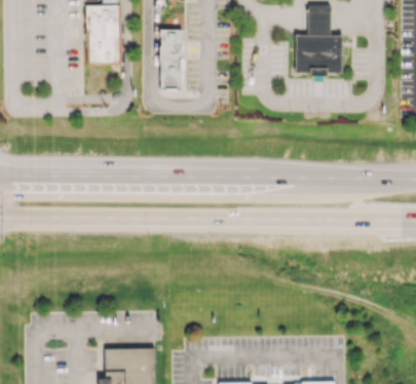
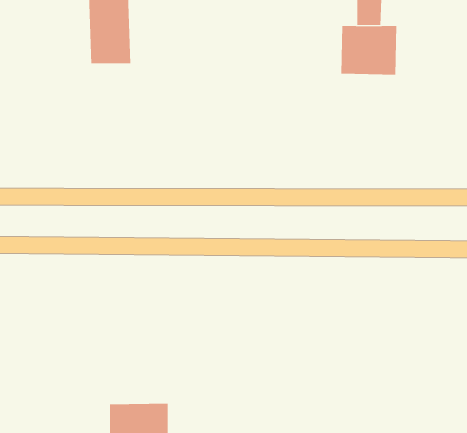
building: [160,29,183,89] -> none

